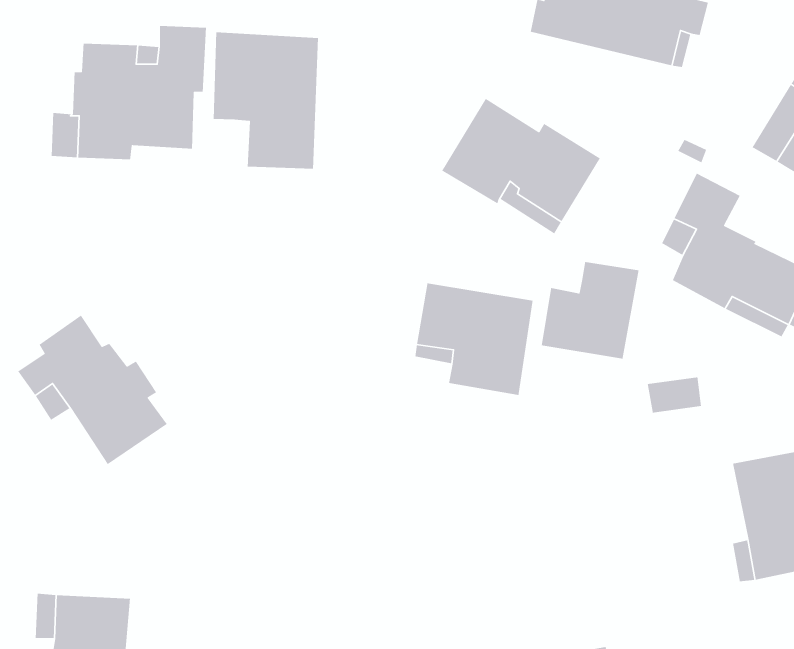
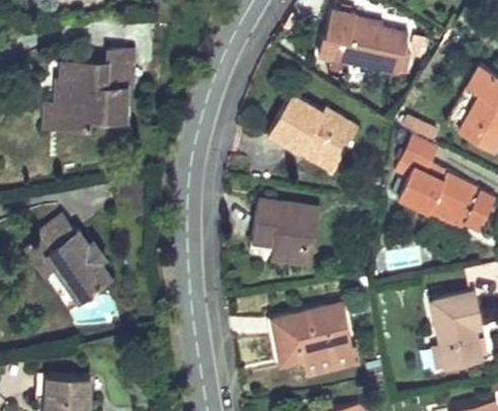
building: [213,31,319,169] -> none
building: [541,261,640,359] -> none
building: none -> [272,306,358,376]

